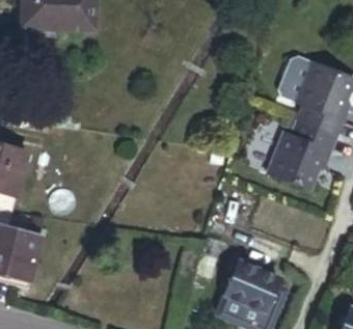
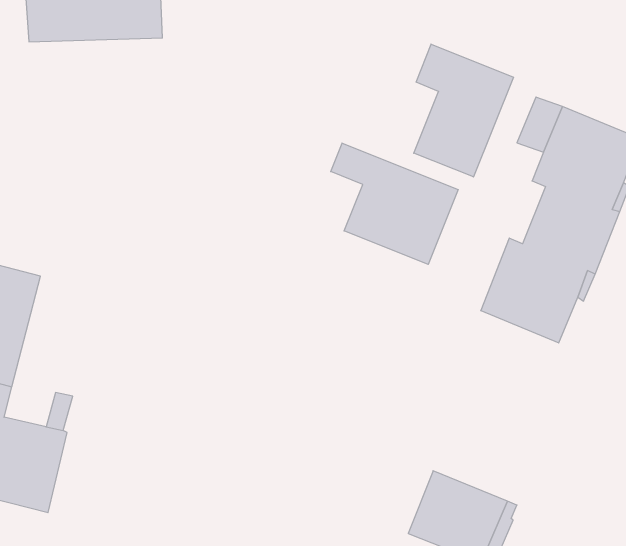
building: none -> [414,44,513,177]
building: none -> [331,143,458,264]

